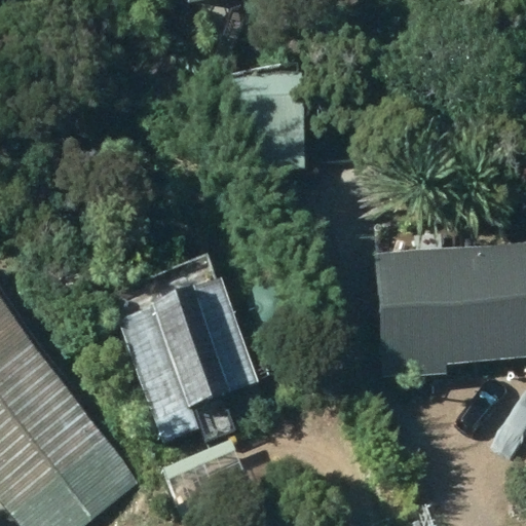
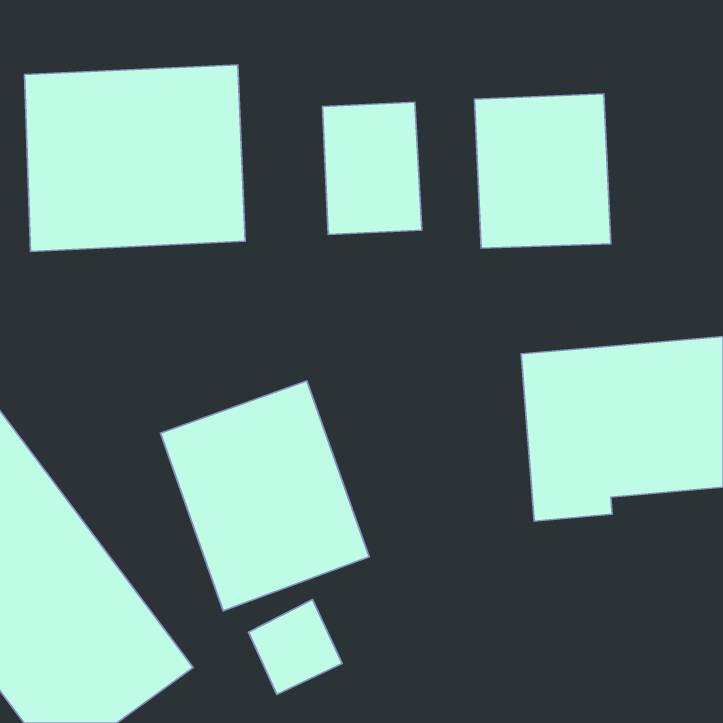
building: none -> [25,65,245,251]
building: none -> [475,94,611,248]

